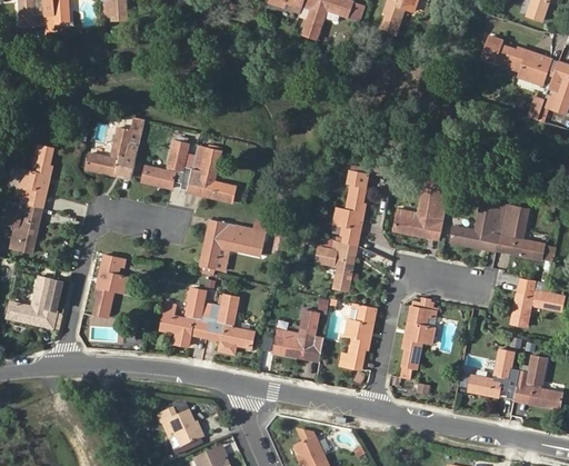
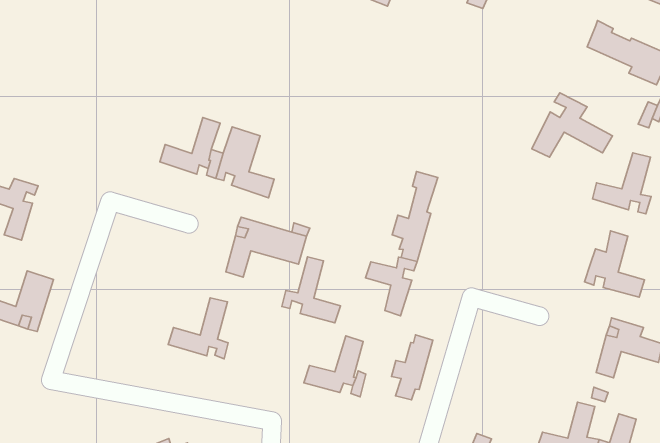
building: none -> [532,93,613,157]
building: [87,117,144,178] -> none
building: [22,145,54,208] -> none
building: [395,189,449,239] -> none
building: [451,201,499,250] -> [593,153,651,214]
building: [93,255,127,317] -> none
building: [207,295,254,347] -> [282,257,340,323]
building: [403,301,439,368] -> none

